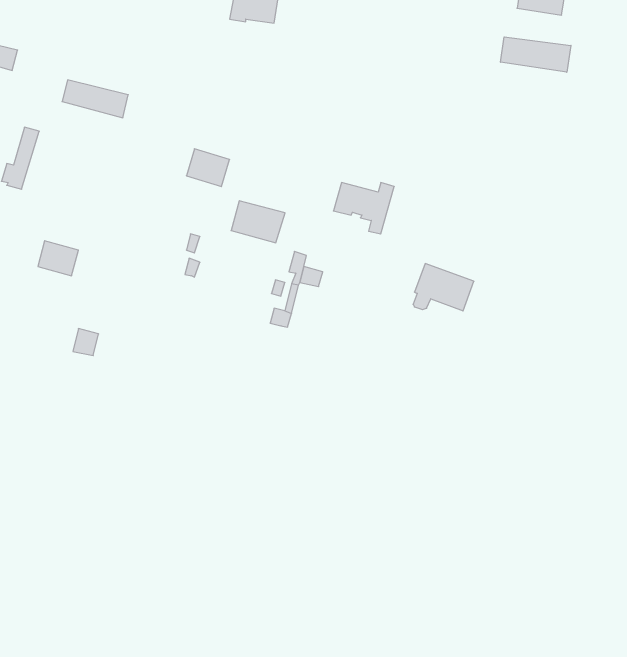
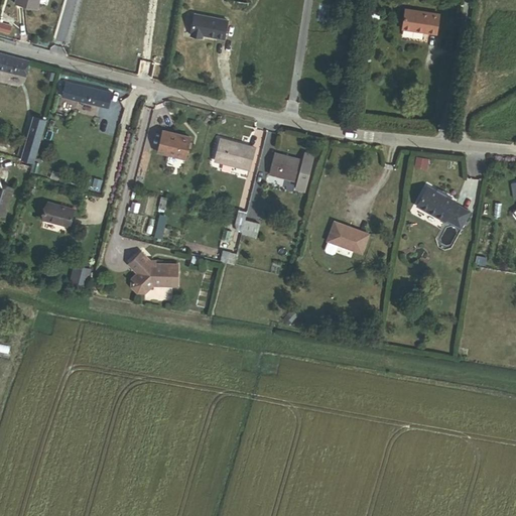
building: [501,37,571,72] -> none
building: [231,201,285,243] -> [213,143,253,174]
building: none -> [418,185,470,226]
building: none -> [129,251,178,291]

